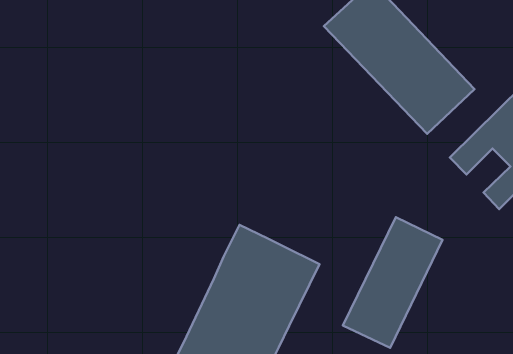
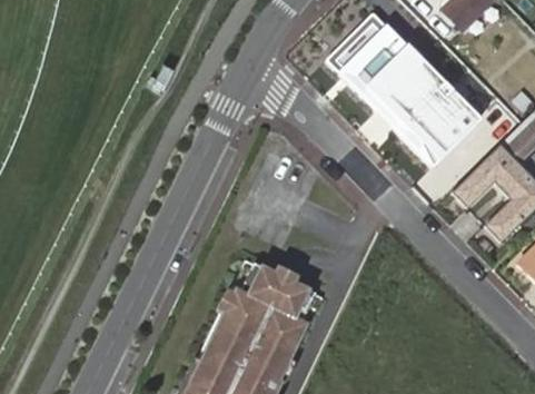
building: [343,217,442,348] -> none

